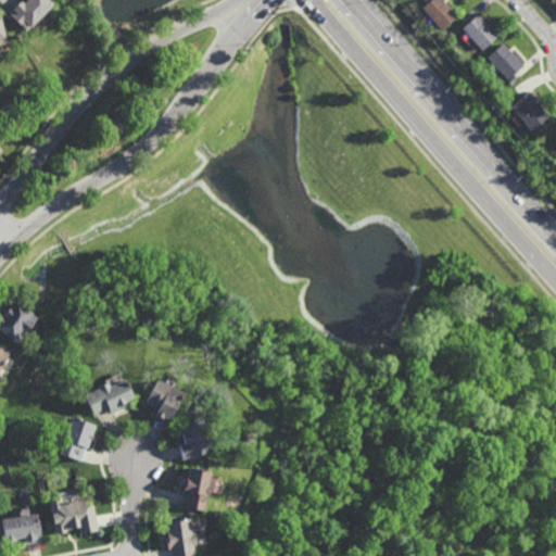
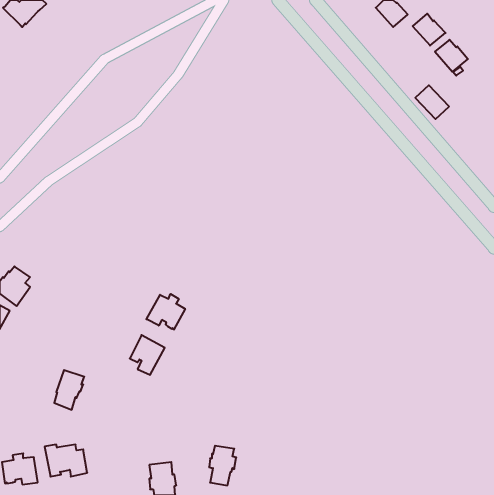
building: [511,94,549,132] -> [415,85,449,119]
building: none -> [146,294,185,330]
building: [85,376,135,413] -> none
building: [180,418,213,459] -> none
building: [185,466,215,510] -> [209,446,236,485]

